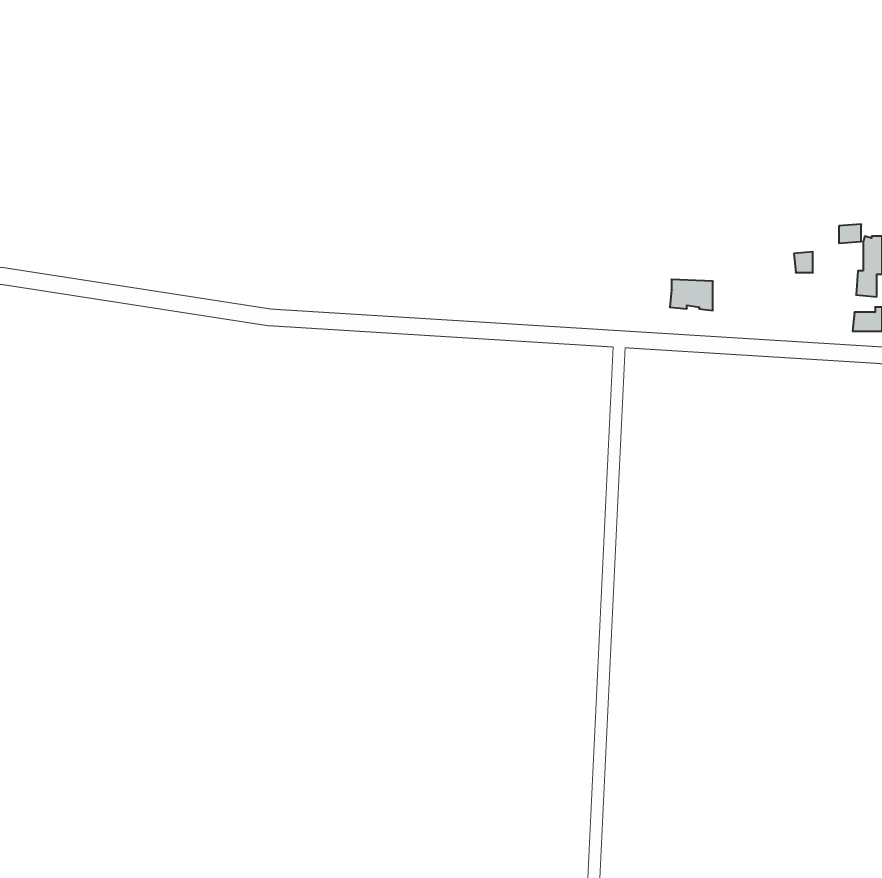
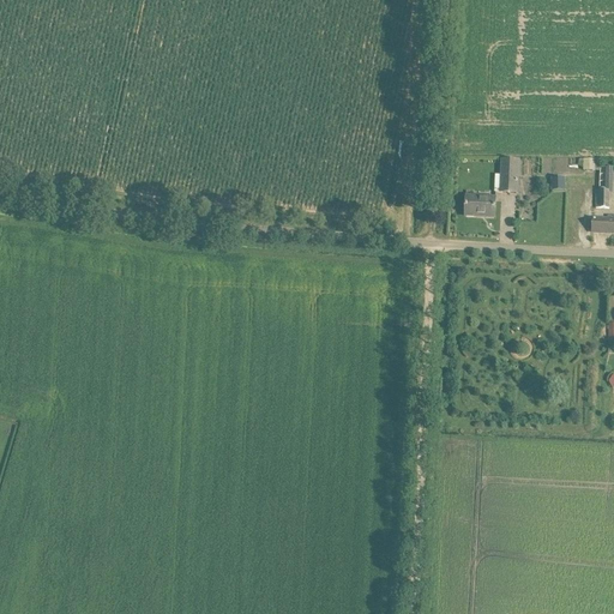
building: none -> [501,158,519,192]

